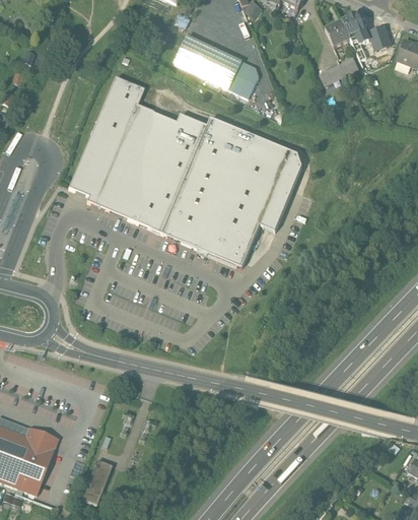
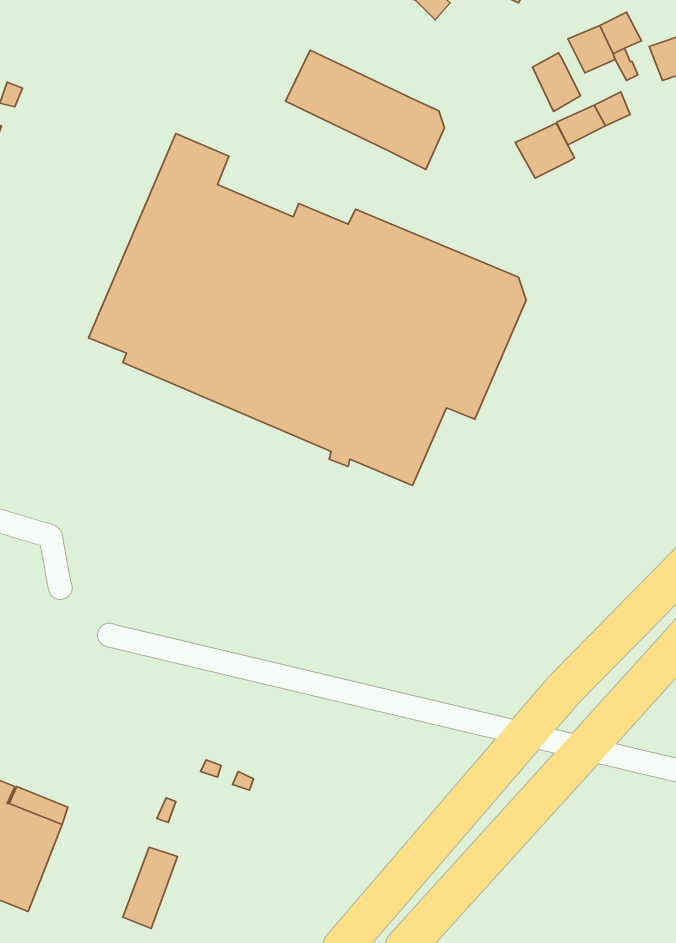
building: none -> [532,53,581,112]
building: none -> [515,123,574,178]

